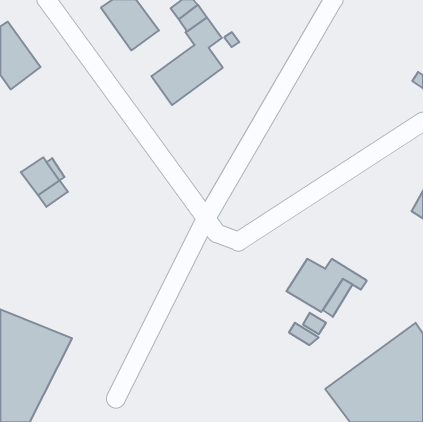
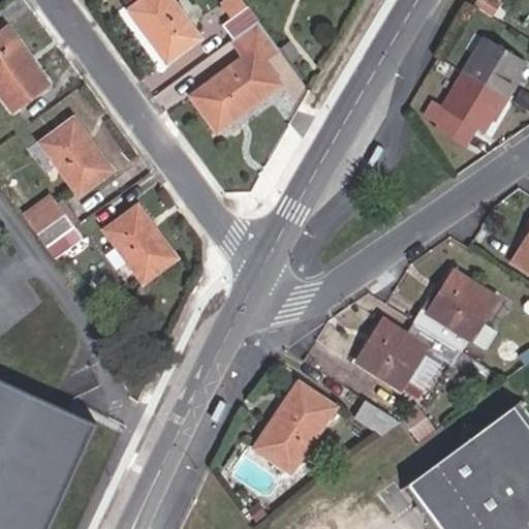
building: none -> [424,37,524,147]
building: none -> [41,118,115,196]
building: none -> [105,205,180,283]
building: none -> [414,273,497,350]
building: none -> [253,382,336,474]

